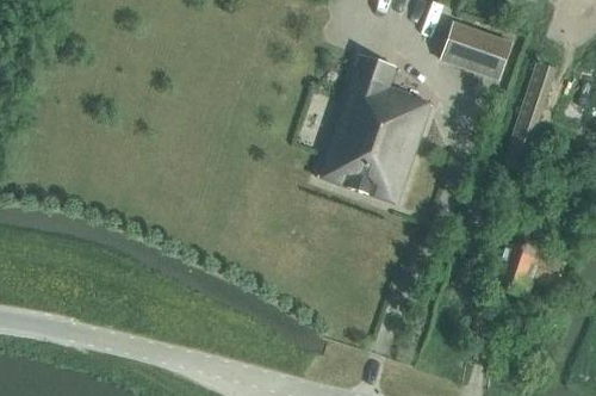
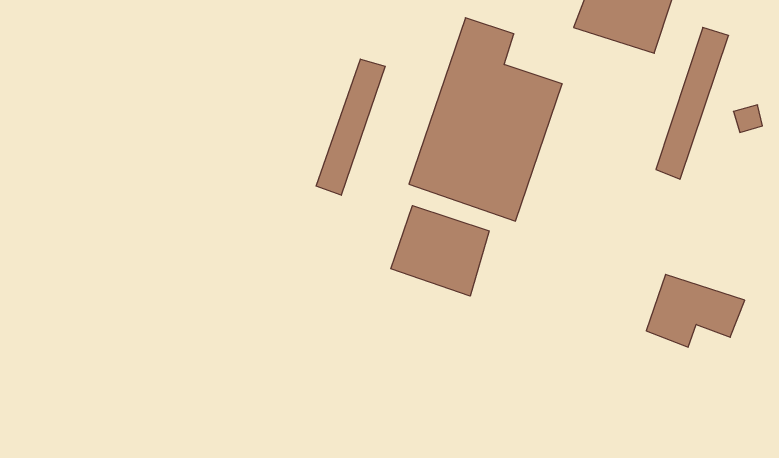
building: none -> [316,59,385,195]
building: none -> [391,206,489,296]

